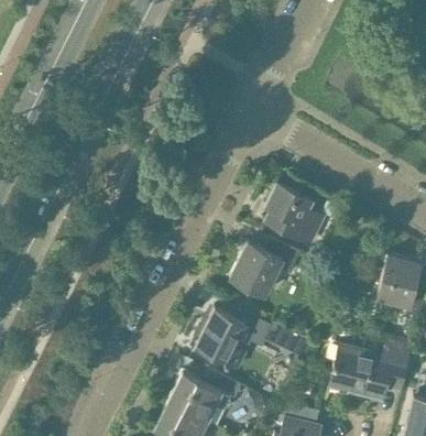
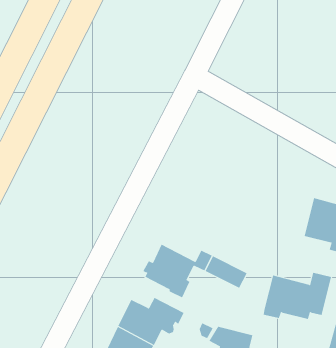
building: [264,184,326,247] -> none
building: [229,240,301,297] -> none

